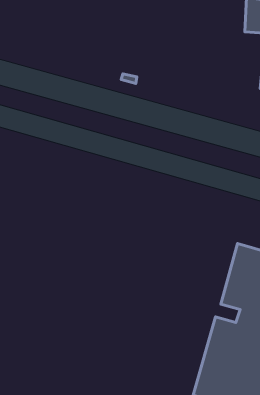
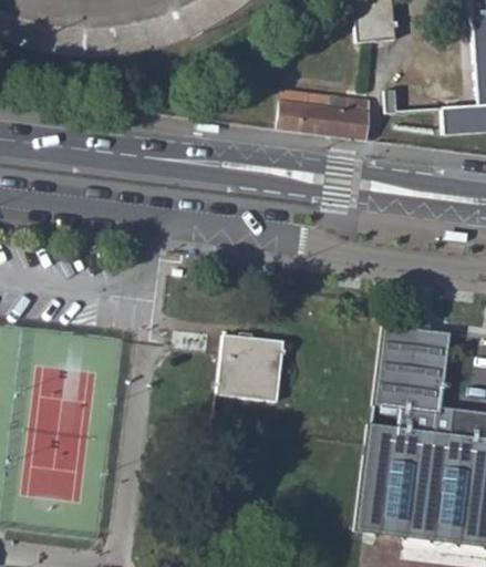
building: none -> [277,93,368,141]
building: none -> [219,333,287,401]

